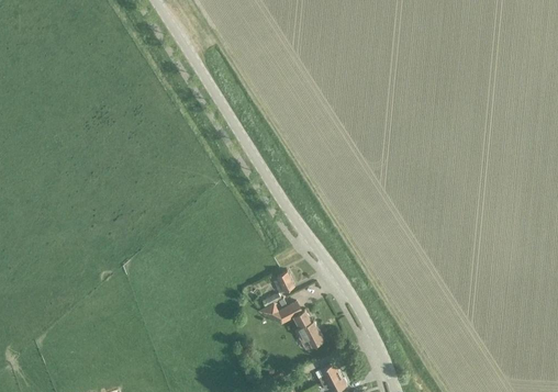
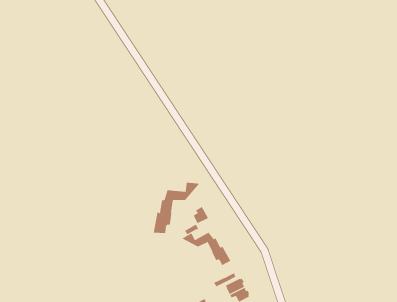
building: none -> [153,182,200,234]

